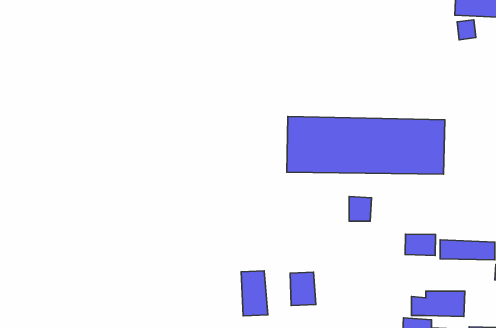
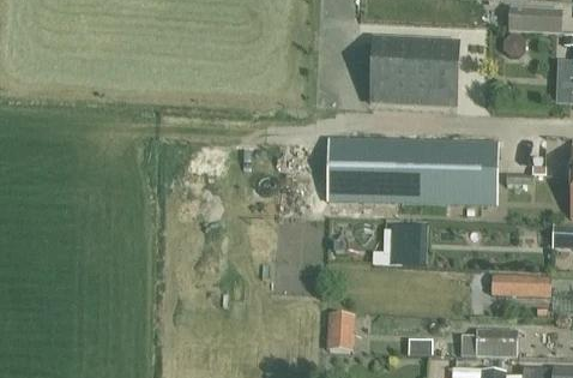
building: none -> [369,30,462,101]
building: [405,234,435,256] -> none
building: [241,271,268,316] -> none

